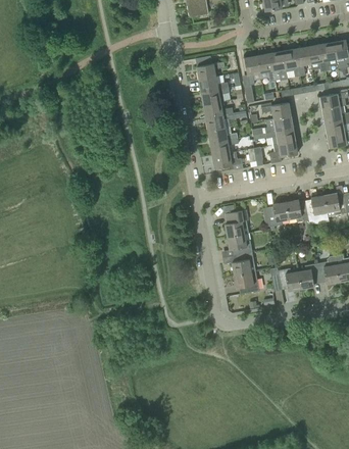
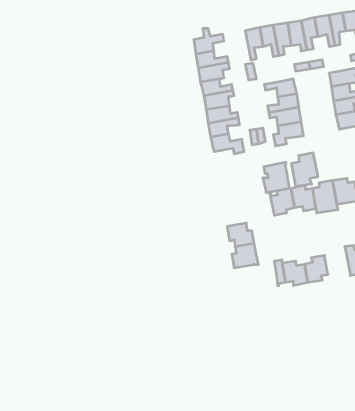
building: none -> [292,153,318,186]
building: [225,209,249,237] -> [263,162,290,192]
building: [316,255,340,284] -> none
building: [234,271,259,294] -> none

